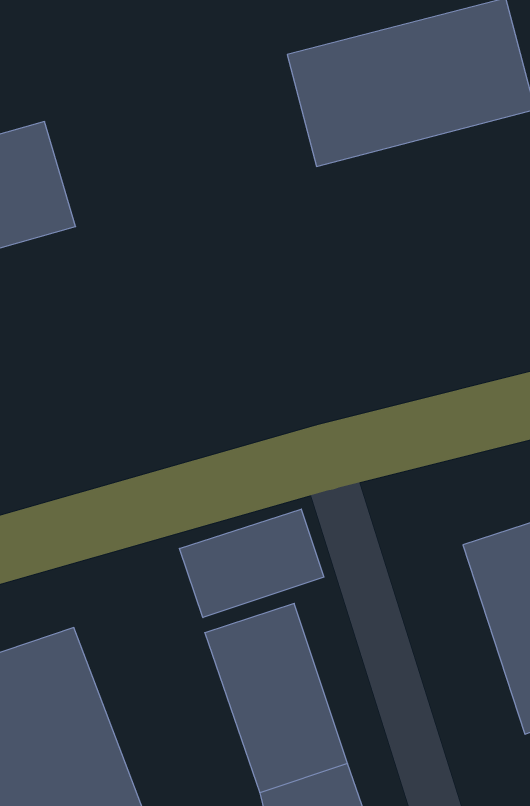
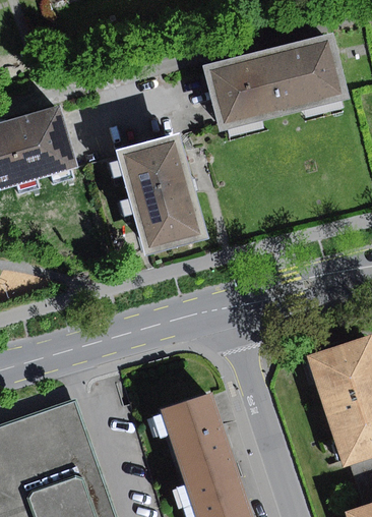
building: none -> [115,131,207,255]
building: [179,509,324,618] -> none

